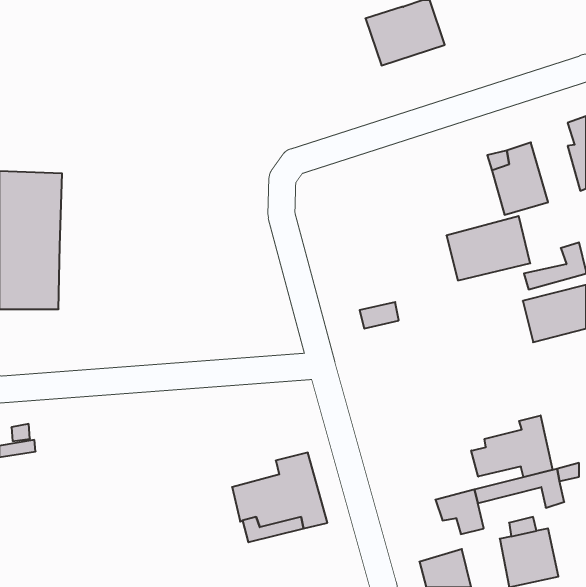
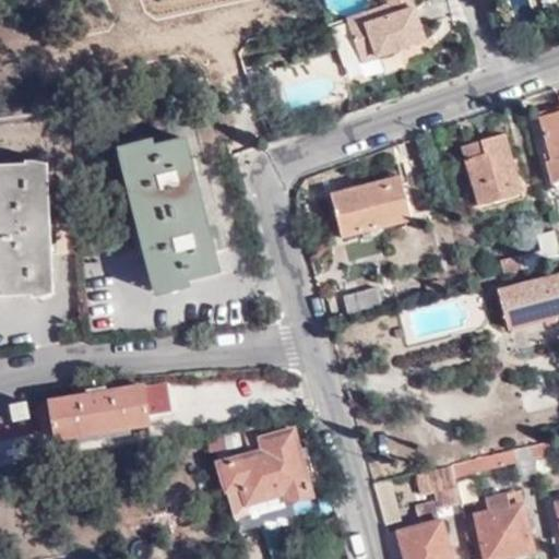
building: none -> [119,138,217,287]
building: [446,216,530,280] -> [329,174,408,235]
building: none -> [50,383,171,442]
building: [471,415,552,477] -> none

